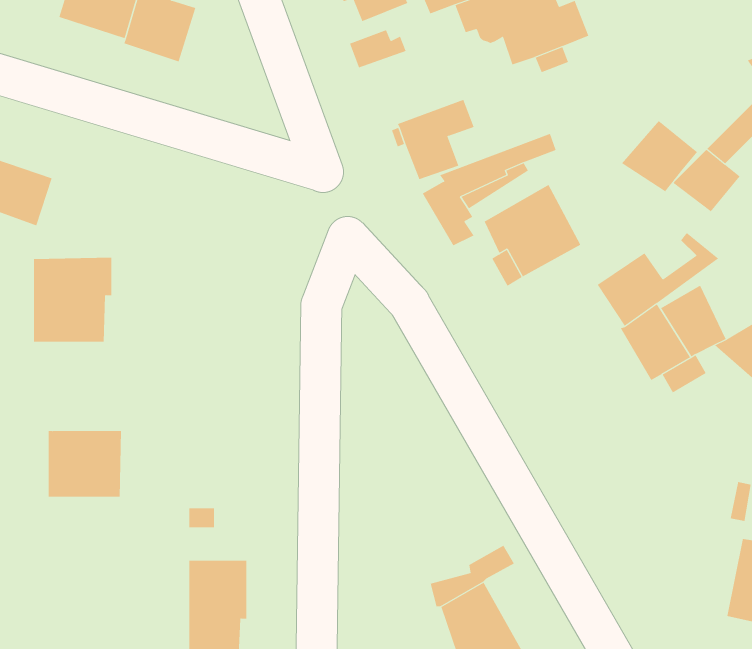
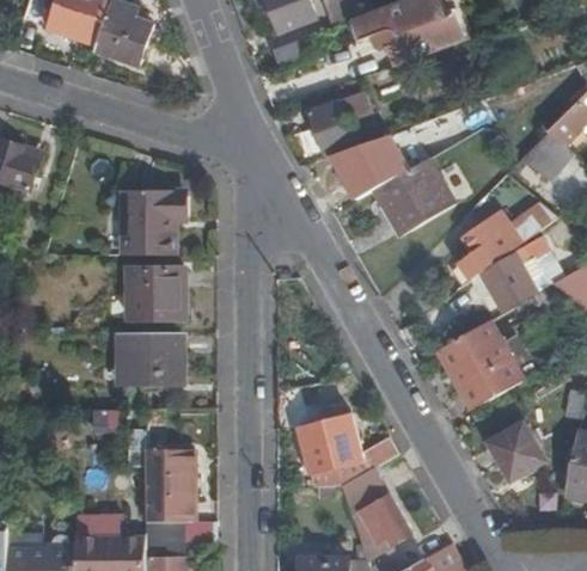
building: [621,120,698,192] -> none
building: [33,257,112,342] -> [120,190,181,256]
building: none -> [129,269,185,319]
building: none -> [435,319,521,409]
building: [48,431,122,497] -> [123,332,181,383]
building: none -> [299,415,363,472]
building: none -> [488,422,543,478]

